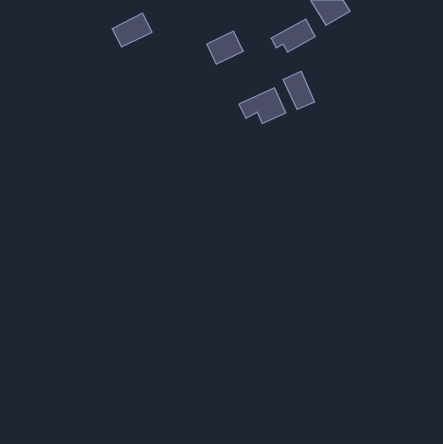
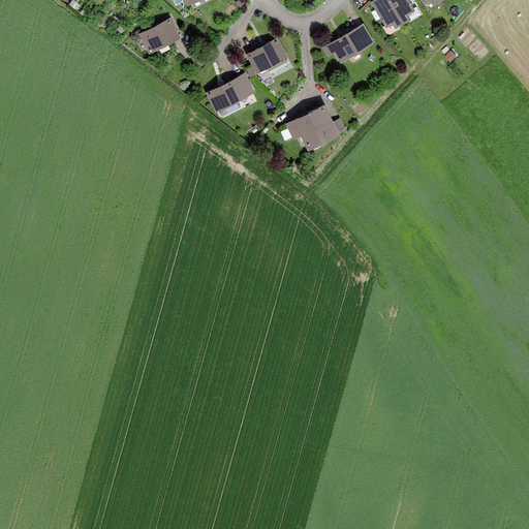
building: none -> [207,74,253,112]
building: [283,71,315,109] -> none

